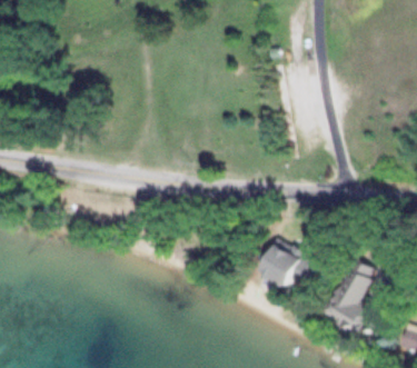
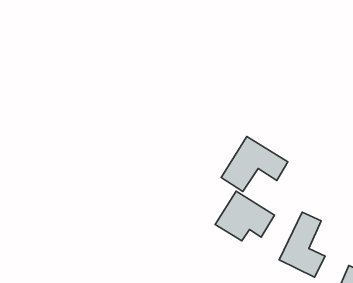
building: none -> [221,137,288,192]

